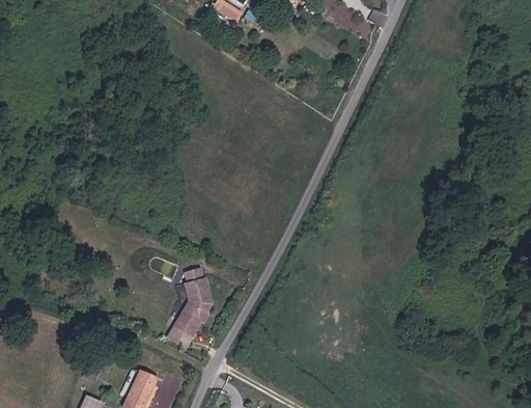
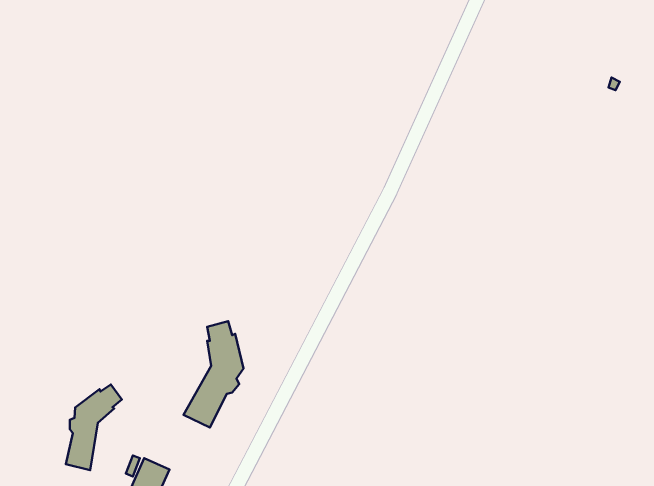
building: none -> [66,385,122,470]

